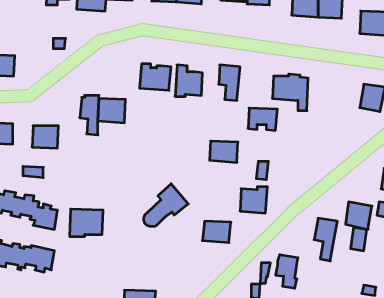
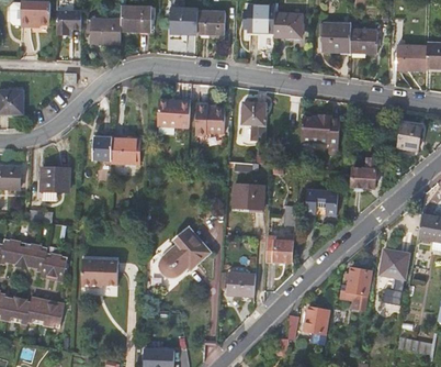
building: [248,108,277,130] -> [306,189,338,213]
building: none -> [351,154,377,189]

